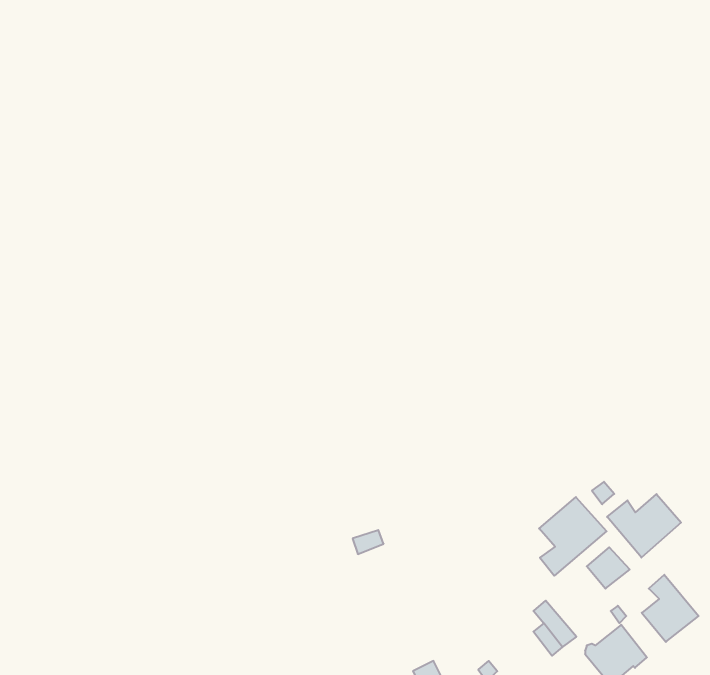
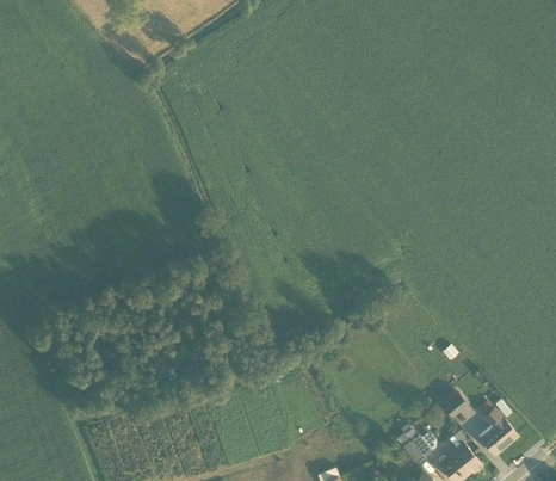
building: [607,494,681,558] -> none
building: [539,497,607,576] -> none

